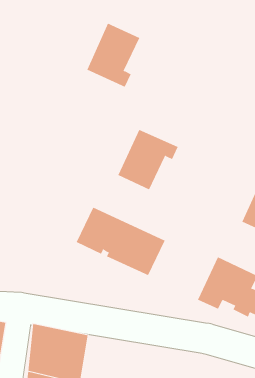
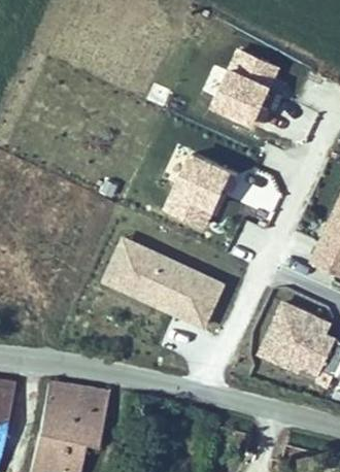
building: [86,23,140,87] -> [208,50,271,126]

